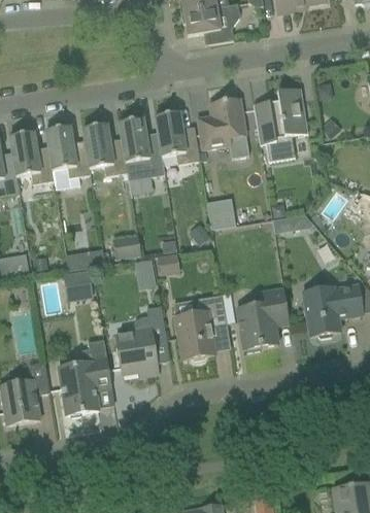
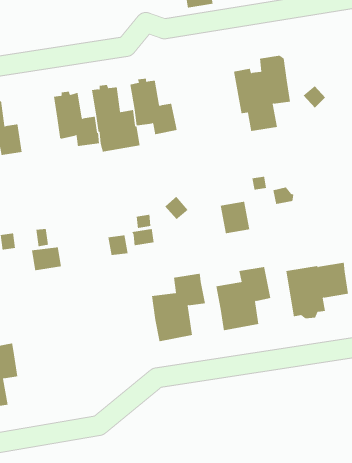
building: [197,98,248,157] -> none
building: [45,124,91,190] -> none
building: [206,198,235,229] -> [220,201,250,234]
building: [111,234,140,260] -> none
building: [115,306,166,376] -> none
building: [58,339,110,415] -> none

